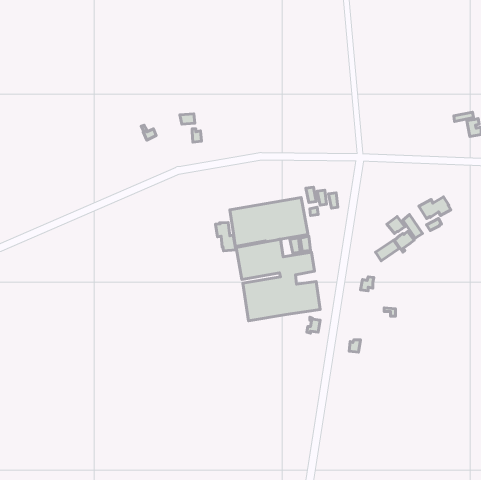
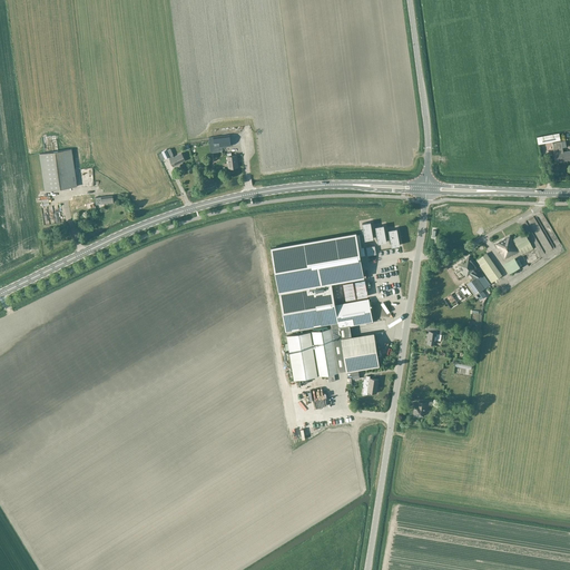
building: none -> [39,150,77,191]
building: [215,223,236,251] -> none

